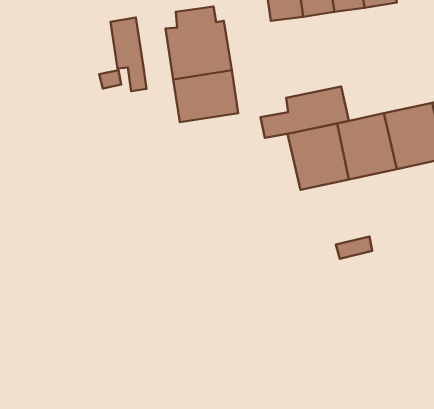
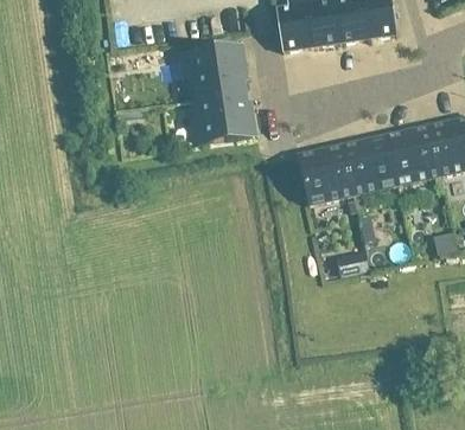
building: [110,17,146,91] -> none
building: [261,87,349,138] -> none

